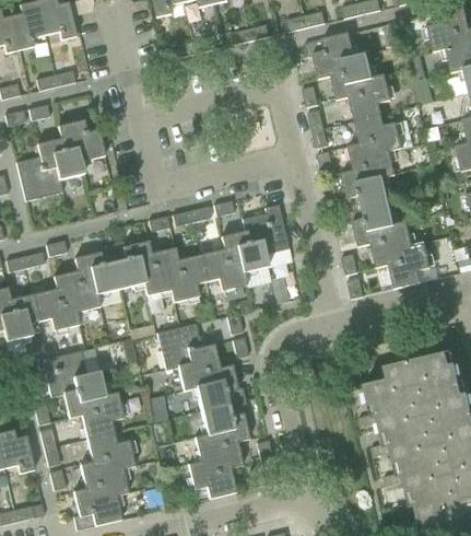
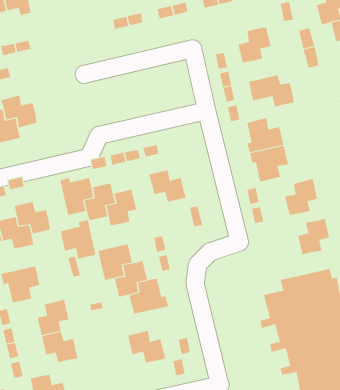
building: [305,32,355,78] -> none
building: [350,74,391,119] -> none
building: [58,110,105,161] -> none
building: [349,140,396,180] -> none
building: [243,203,292,266] -> none
building: [372,221,412,267] -> [297,218,330,255]
building: [75,244,120,293] -> [60,220,96,259]
building: [200,249,246,290] -> none
building: [63,371,104,417] -> none
building: [202,400,249,444] -> none
building: [188,457,236,498] -> none
building: [80,458,127,498] -> none

